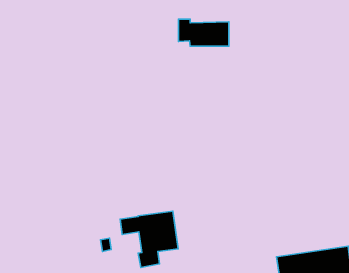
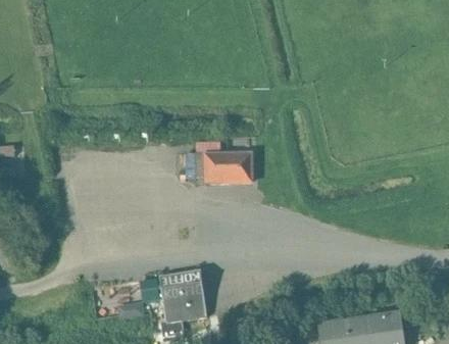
building: [179,19,229,46] -> [194,148,251,179]

